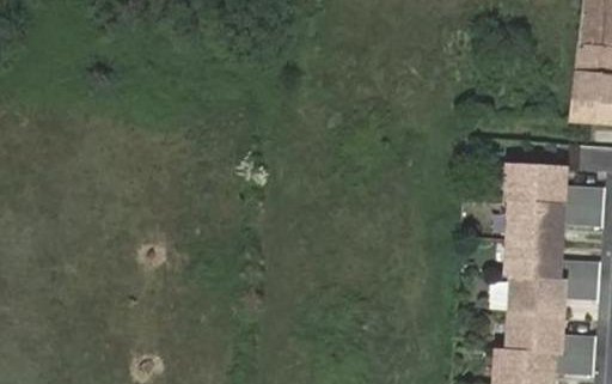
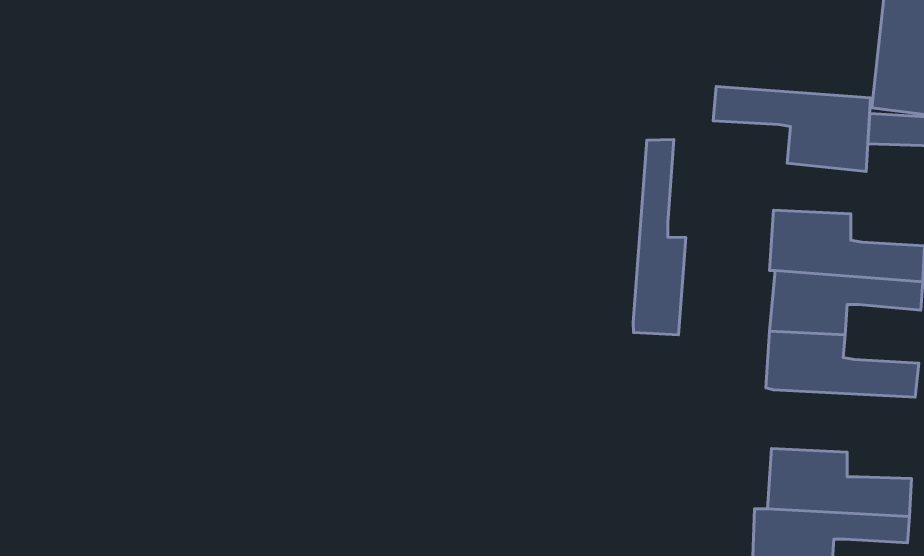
building: none -> [713,86,871,171]
building: none -> [633,140,686,335]
building: [508,278,599,317] -> none

